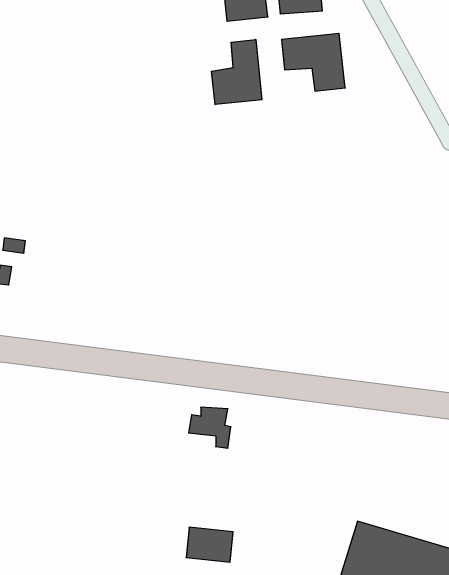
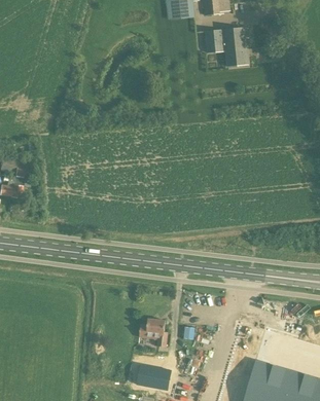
building: [211,39,262,105] -> none
building: [189,407,231,448] -> [139,319,168,347]

